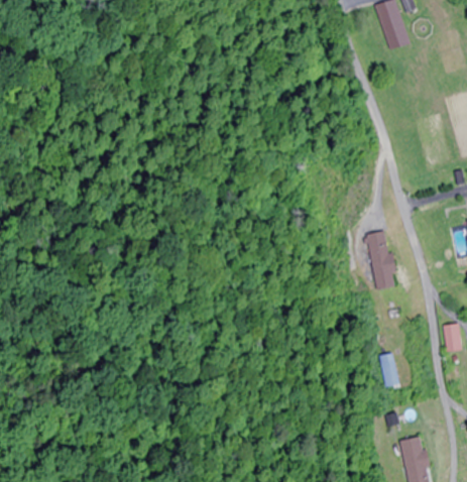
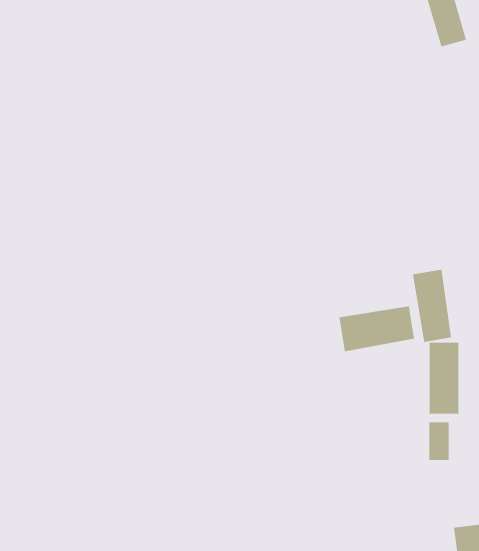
building: none -> [339,305,414,352]
building: none -> [429,342,459,414]

